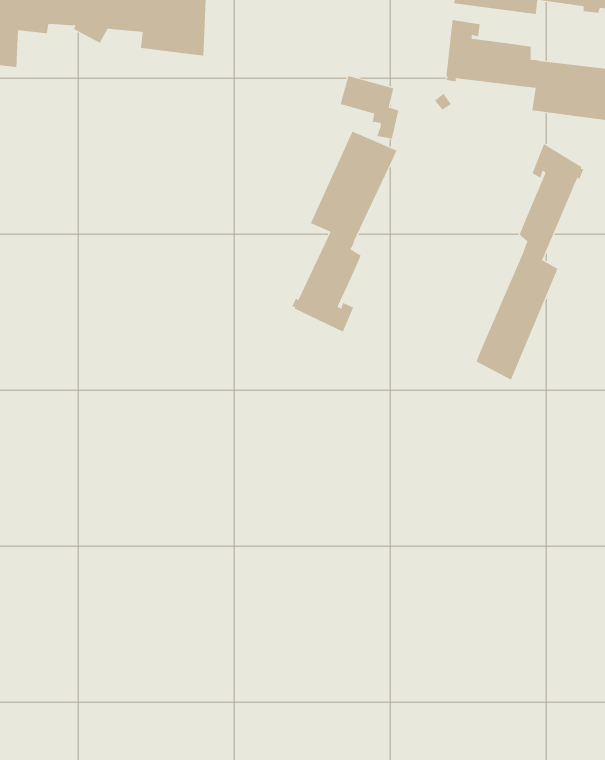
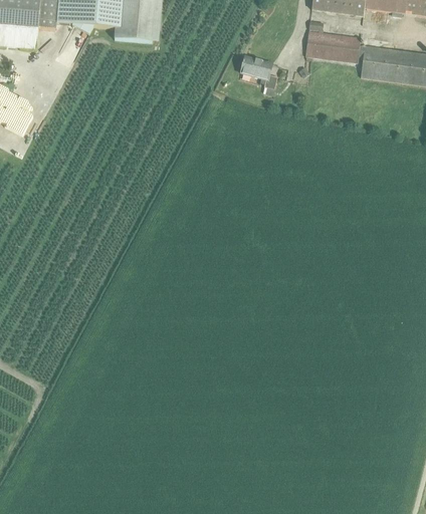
building: [291,131,397,333] -> none
building: [476,143,584,381] -> none

